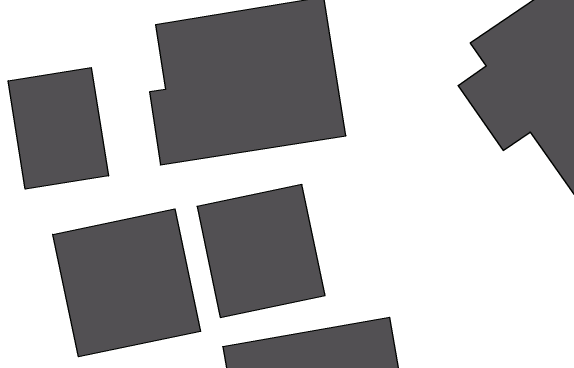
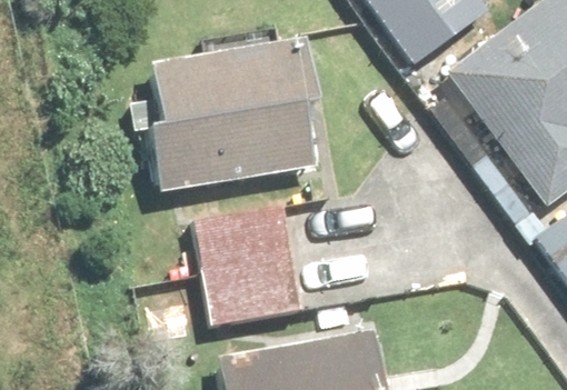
building: [8,68,108,189] -> none
building: [53,209,201,357] -> none

